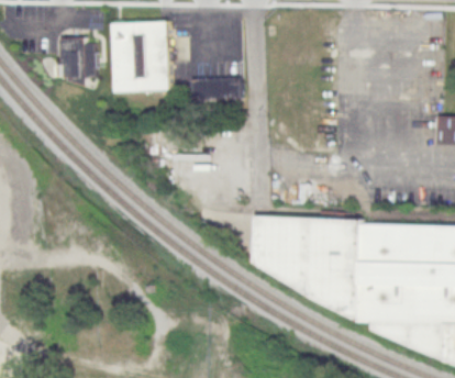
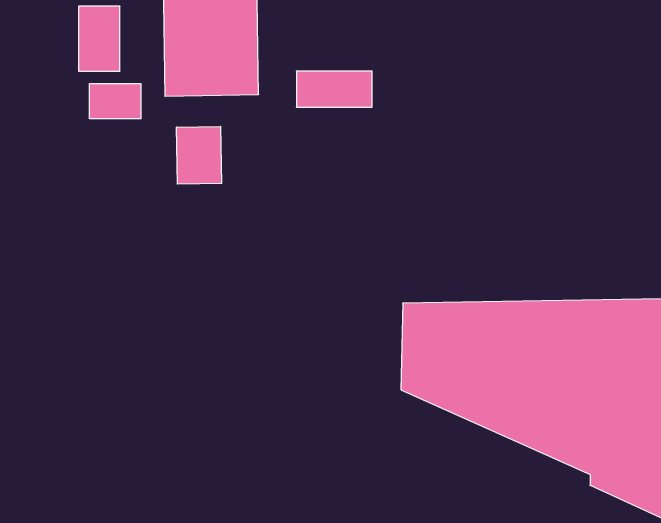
building: none -> [90,84,141,119]
building: none -> [177,126,222,184]

